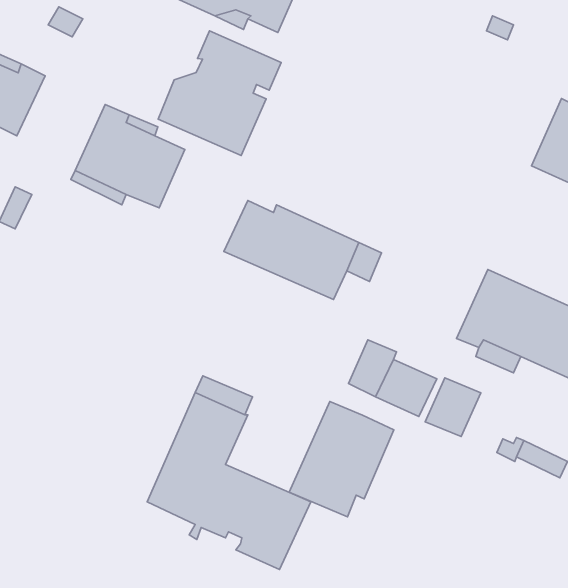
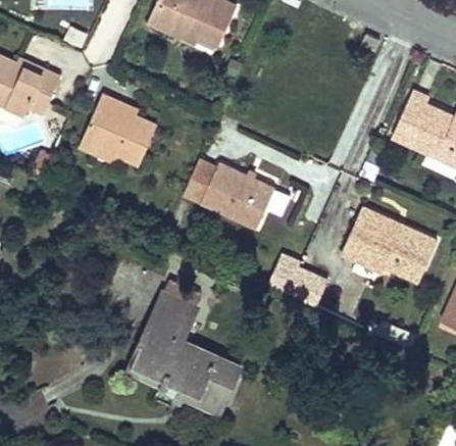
building: [158,31,281,155] -> none
building: [425,378,481,437] -> none
building: [289,401,394,517] -> none

